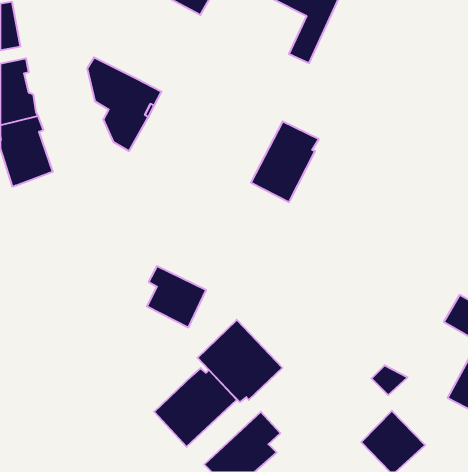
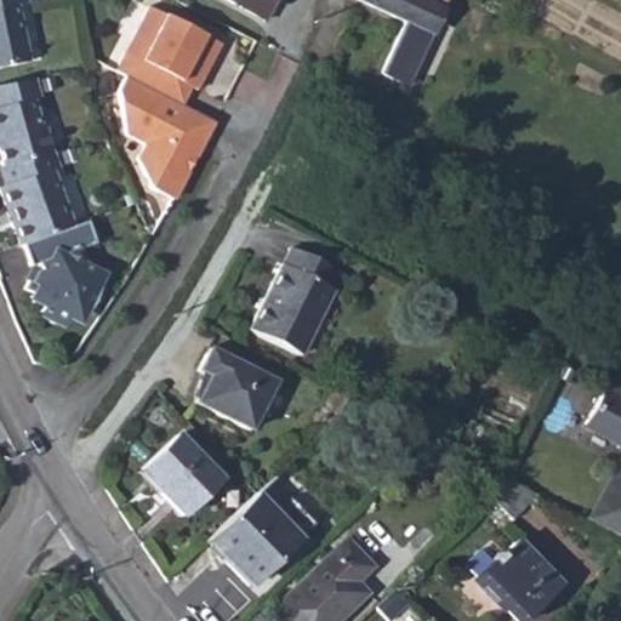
building: none -> [120,5,226,103]
building: [251,121,319,202] -> [253,247,342,353]
building: none -> [29,220,113,329]
building: [197,320,282,402] -> none
building: none -> [149,434,223,514]

